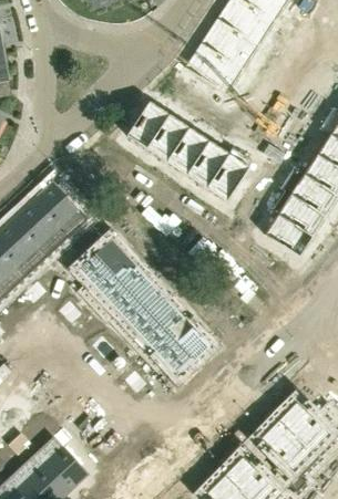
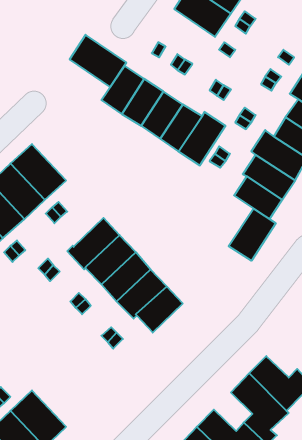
building: [184,42,243,96] -> [70,35,126,87]
building: [79,240,127,288] -> none
building: none -> [229,208,276,261]

